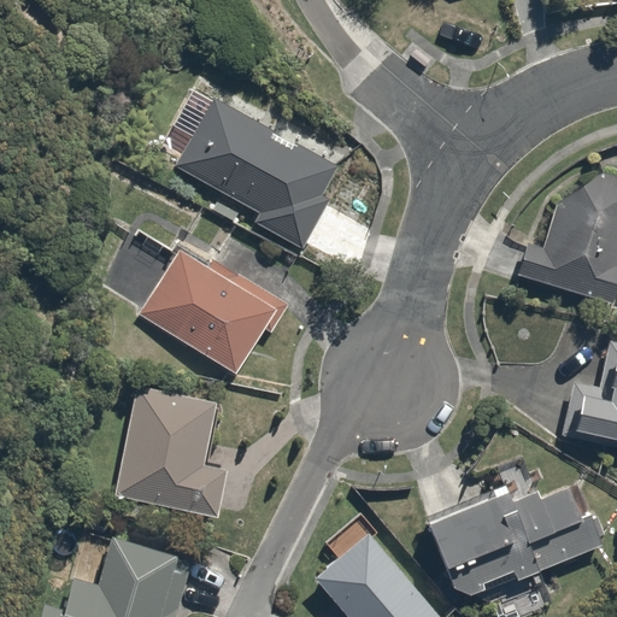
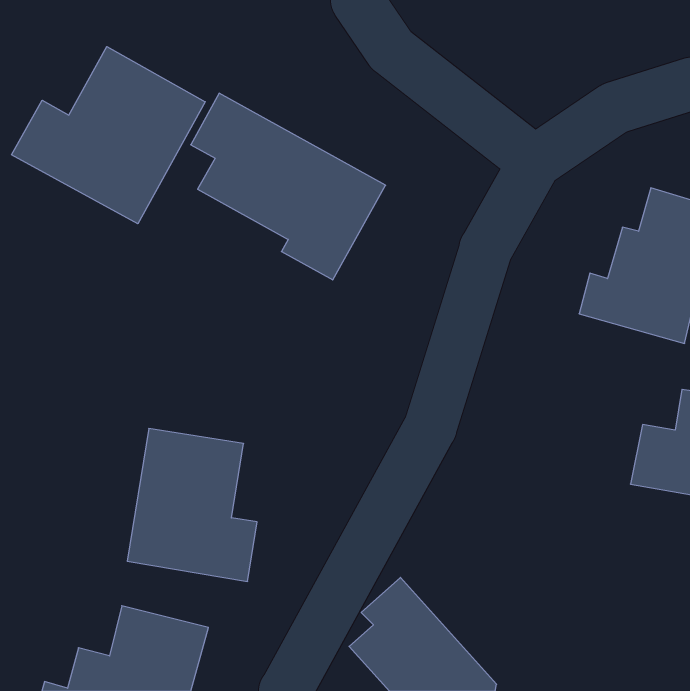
building: none -> [12,47,205,224]
building: [137,240,287,378] -> none
building: [428,483,603,601] -> none

